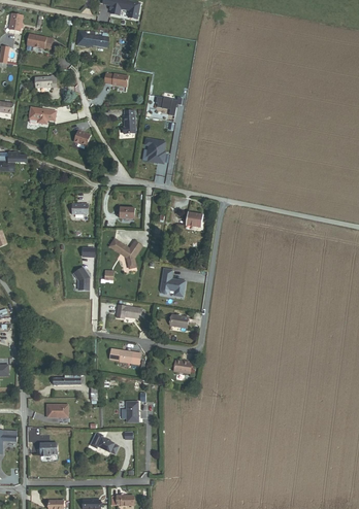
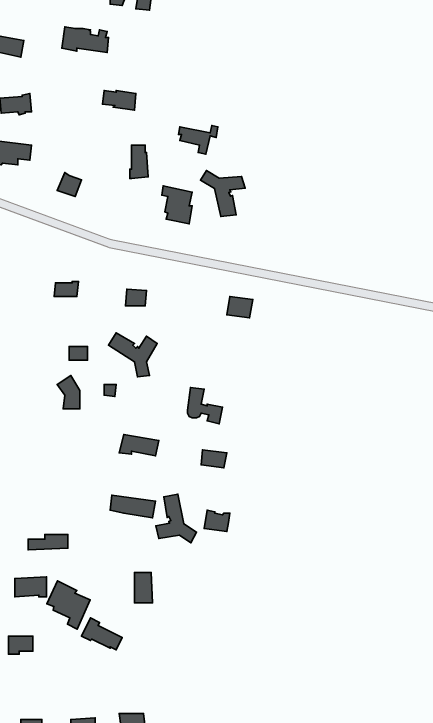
building: none -> [200,171,245,216]
building: none -> [156,494,197,543]
building: none -> [47,581,90,629]

